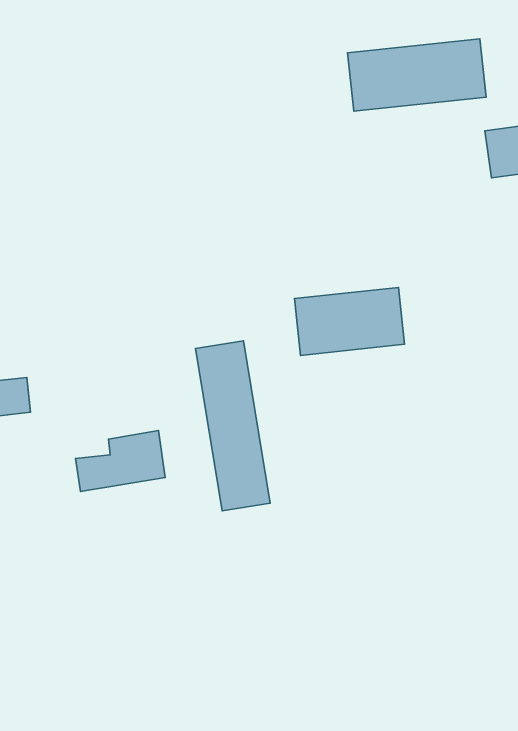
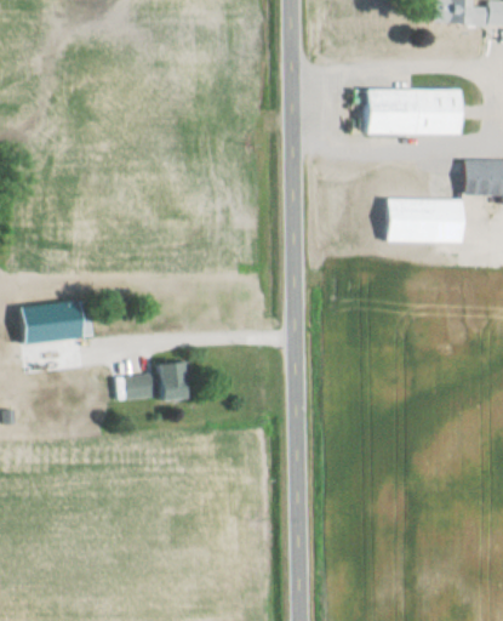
building: [295,287,405,355] -> [384,198,464,241]
building: [196,341,270,511] -> none

